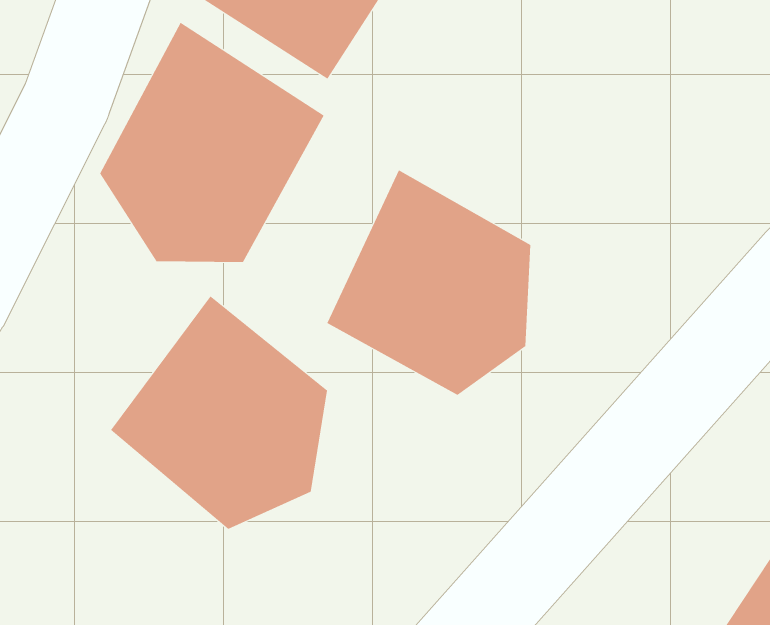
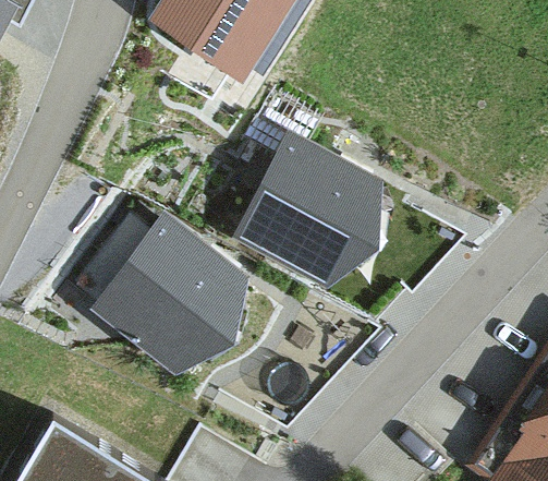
building: [100,22,324,263] -> none

